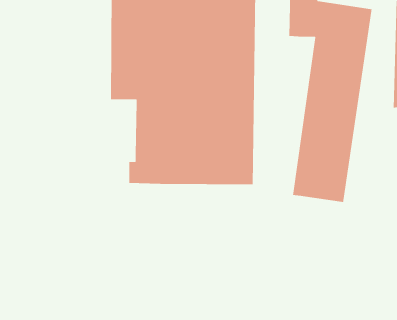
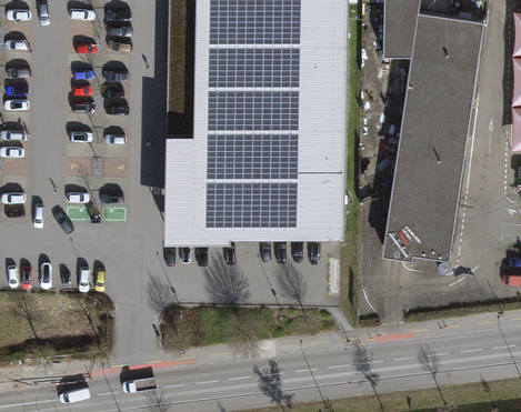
building: none -> [171,135,230,240]

